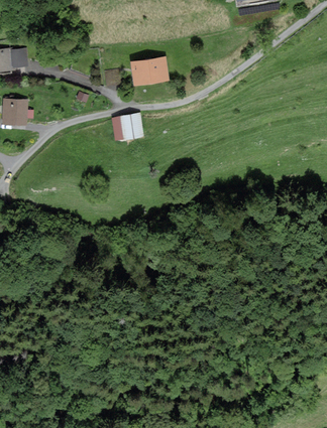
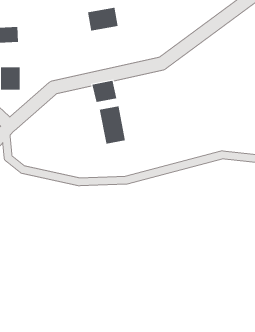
building: [129,57,168,87] -> [87,7,119,31]
building: none -> [99,106,126,145]

